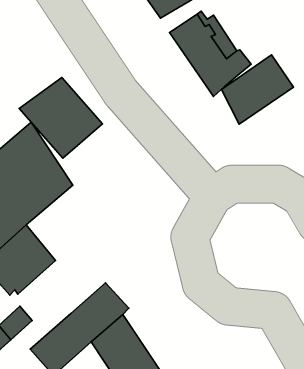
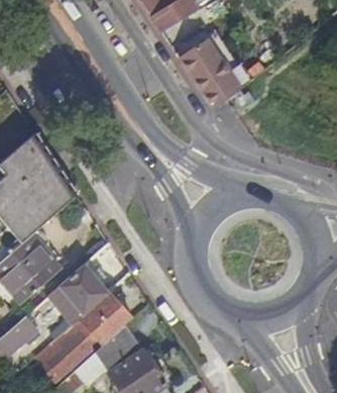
building: [221,55,293,124] -> none
building: [19,78,103,158] -> none
building: none -> [49,264,108,323]

